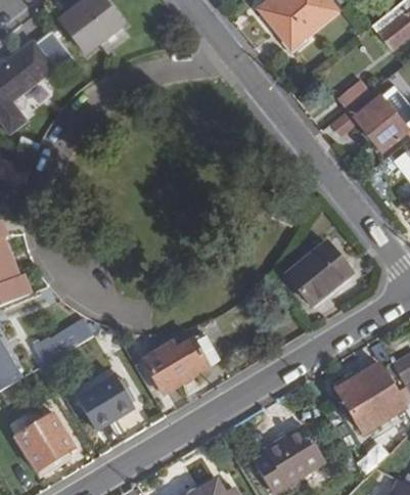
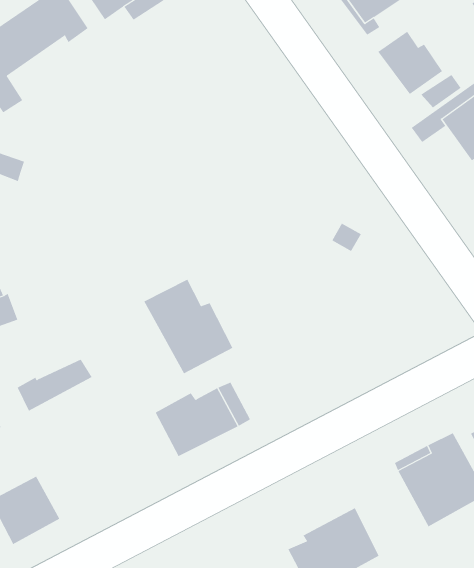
building: none -> [378,31,443,95]
building: [286,241,351,304] -> none
building: none -> [144,279,233,374]
building: [78,376,132,429] -> none

